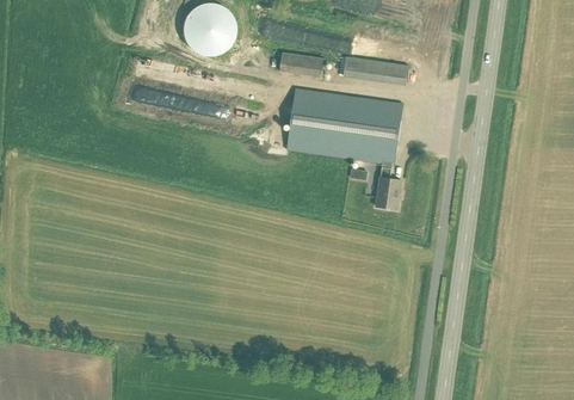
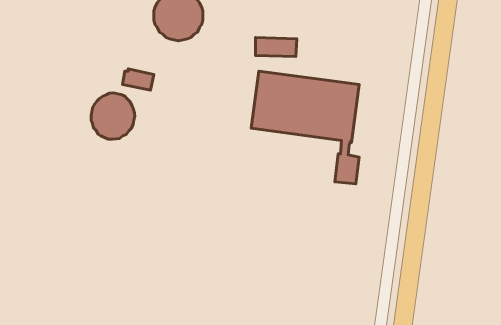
building: [344,56,409,85] -> none
building: none -> [91,93,135,139]

